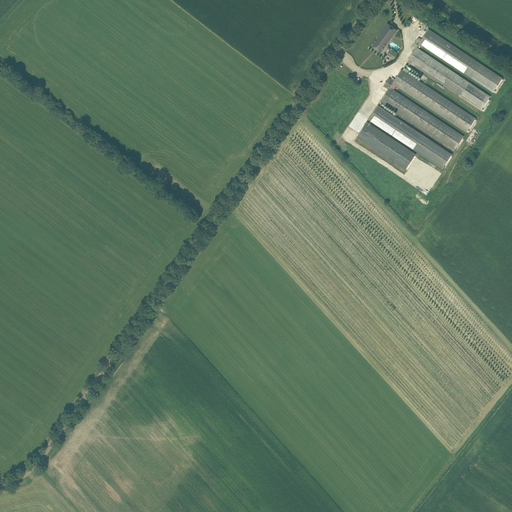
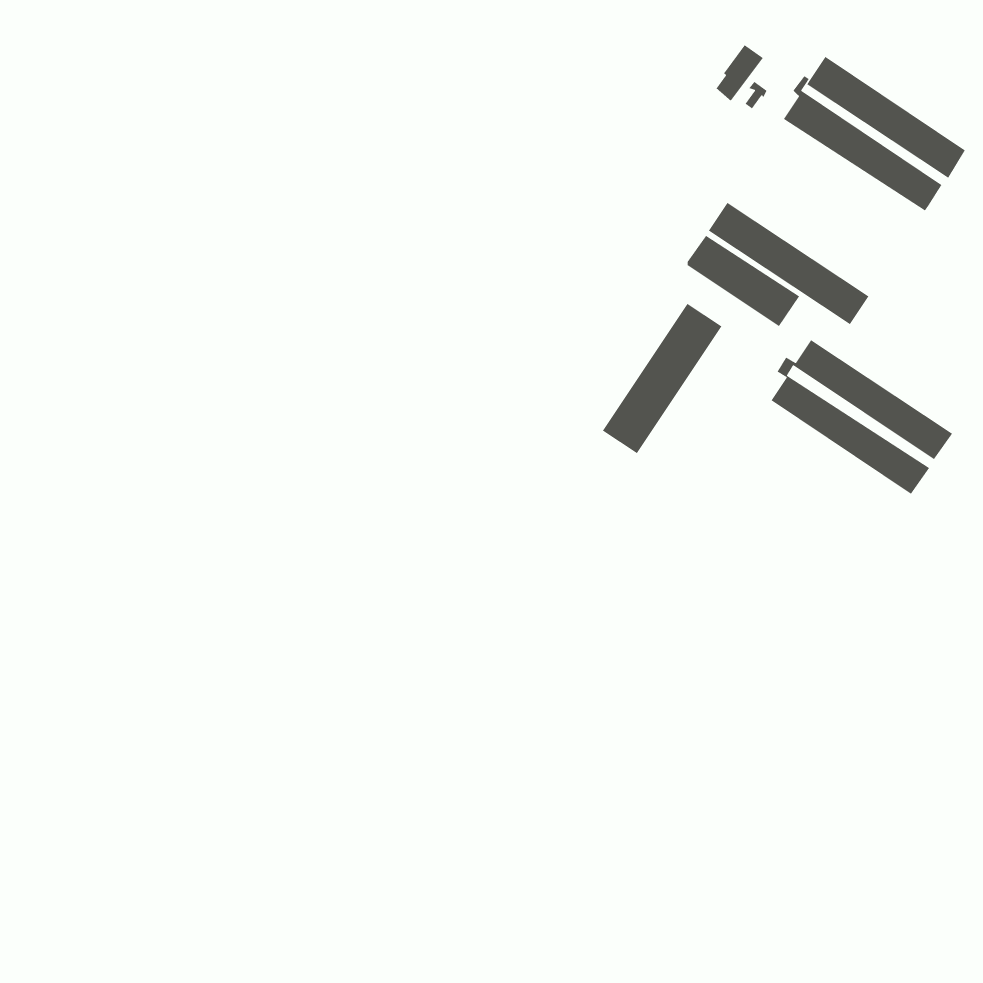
building: [381,69,476,150] -> [771,339,953,495]
building: none -> [602,303,722,454]

